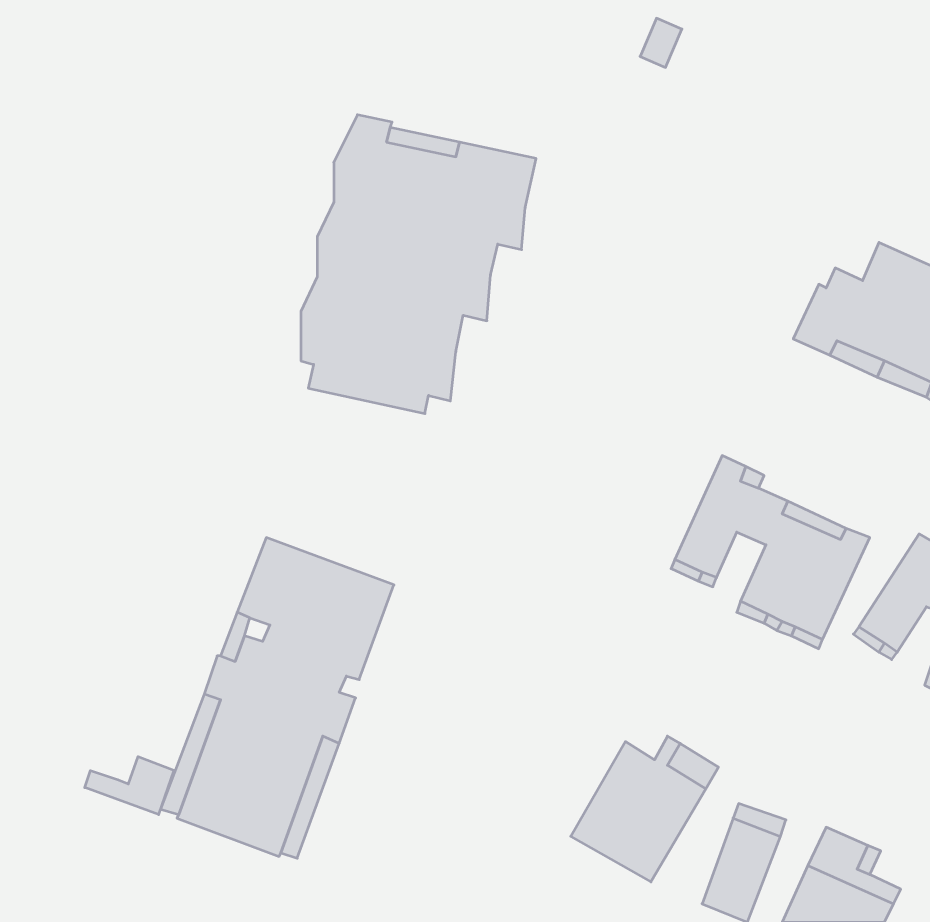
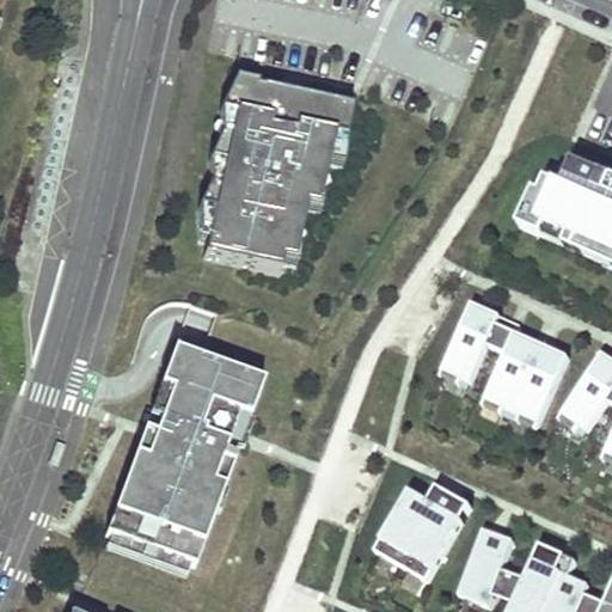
building: [85,757,174,815] -> none

